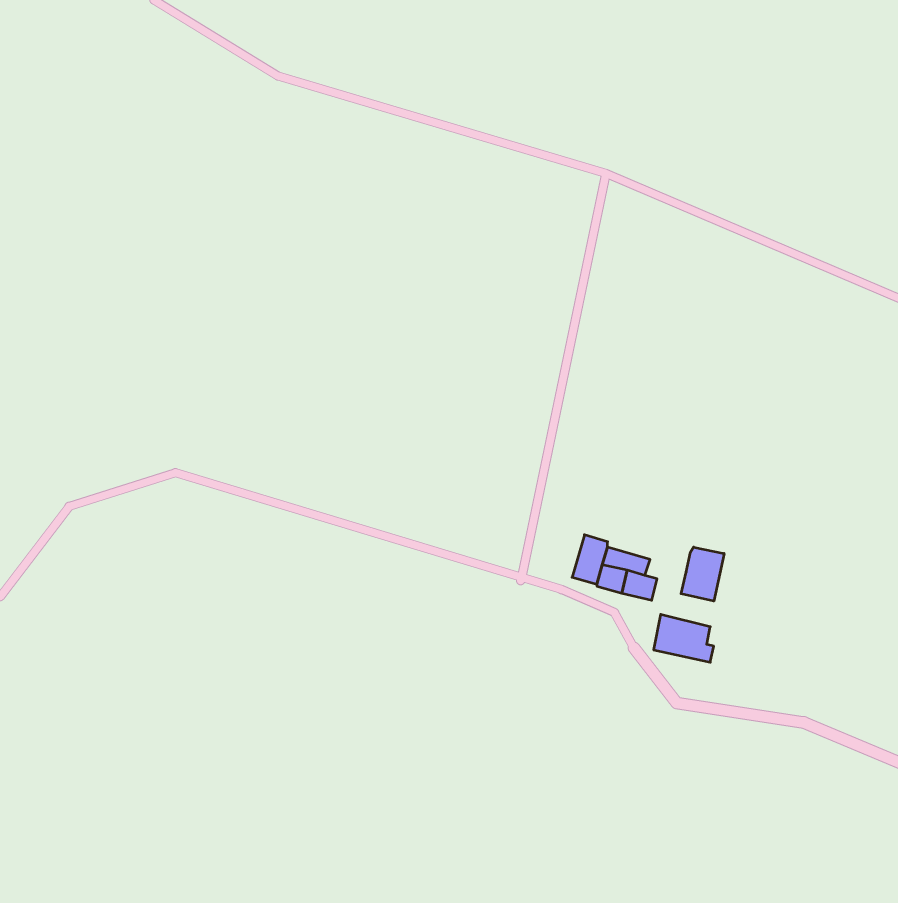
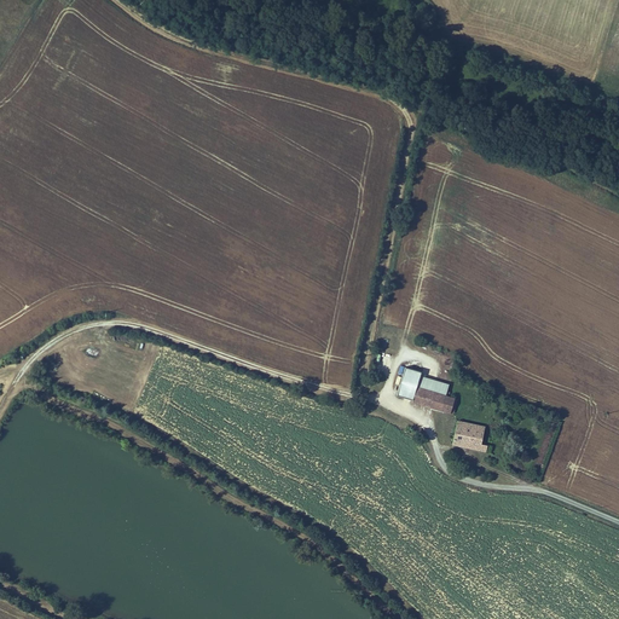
building: [681,547,724,601] -> none

